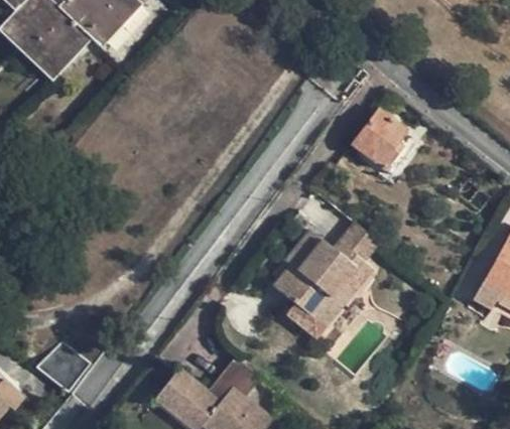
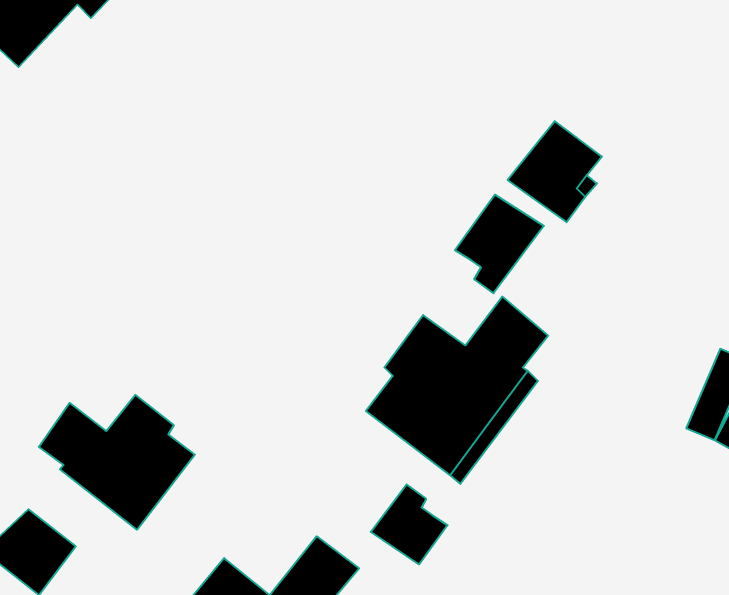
building: none -> [455,195,544,293]
building: none -> [39,395,195,530]
building: none -> [371,484,448,564]

